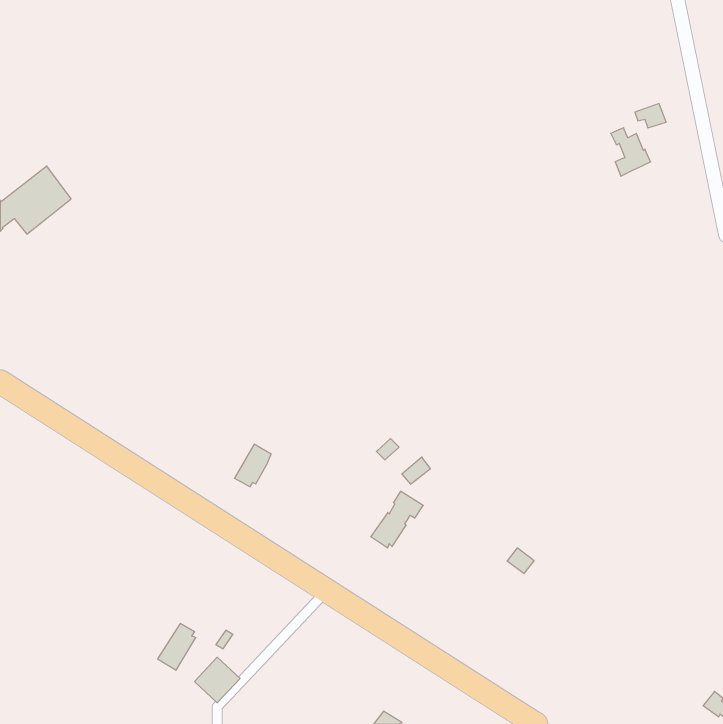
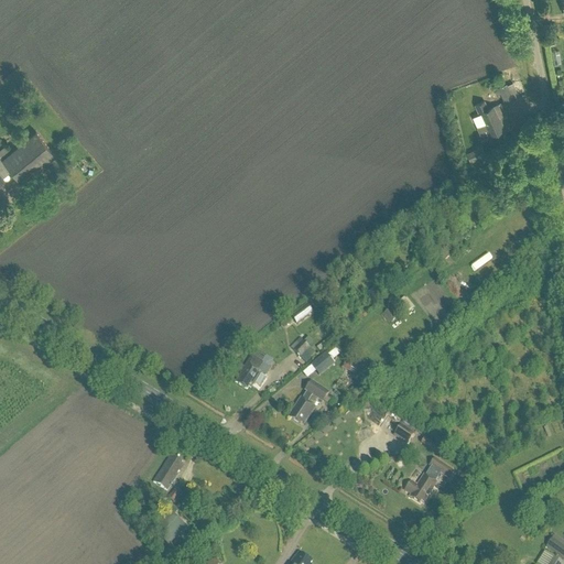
building: [234,444,271,487] -> [237,356,265,389]
building: none -> [406,458,455,502]
building: [158,623,196,670] -> [155,454,185,490]

